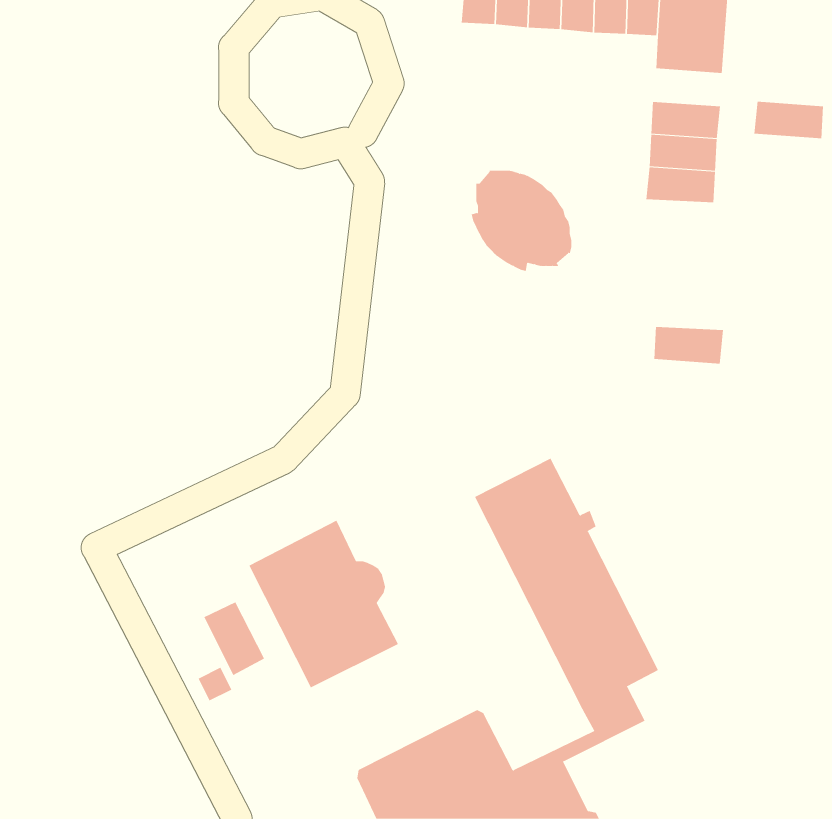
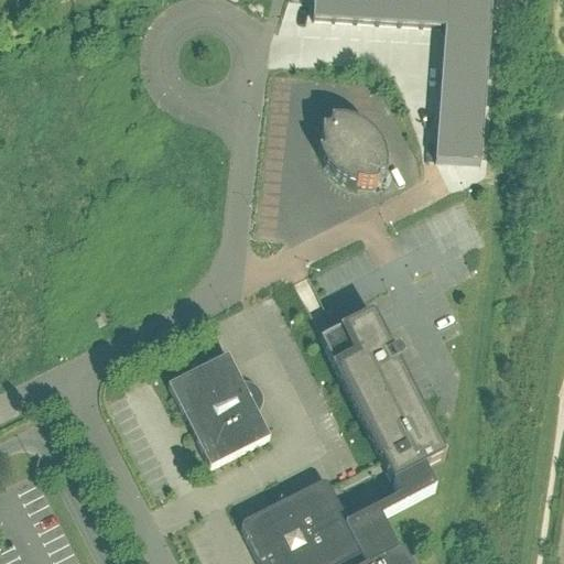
building: [753,101,824,139] -> [442,46,489,72]
building: [654,326,724,364] -> [436,134,484,160]
building: [203,601,265,676] -> none

